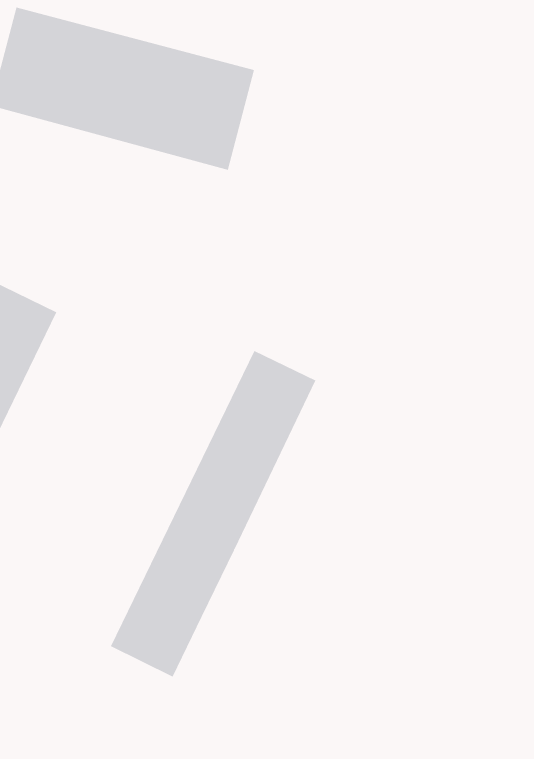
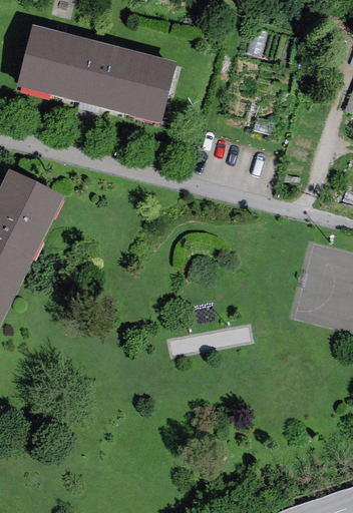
building: [110,350,316,677] -> none

